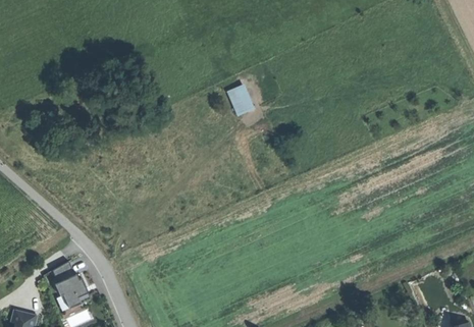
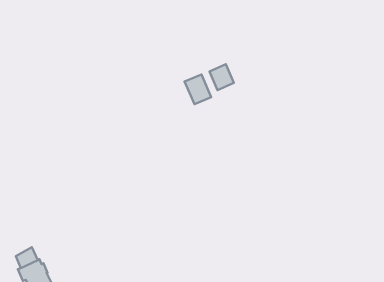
building: none -> [209,64,234,90]

